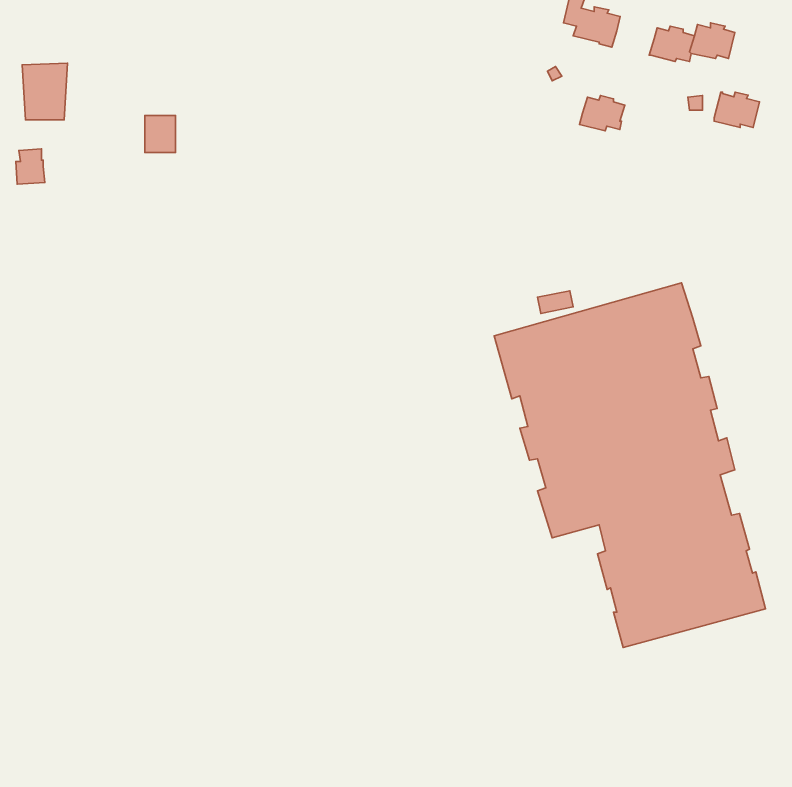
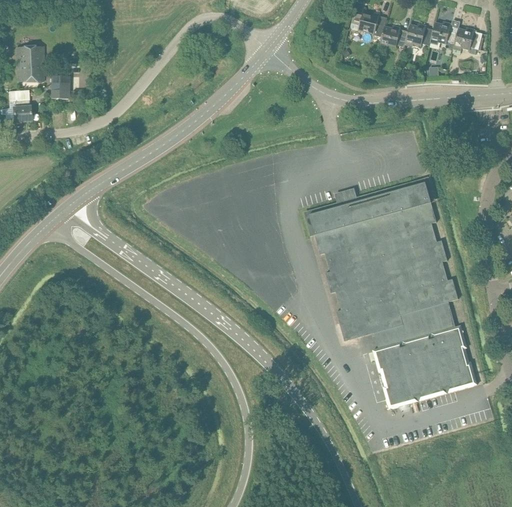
building: [714,92,760,128] -> [453,26,481,48]
building: [579,95,625,131] -> [379,24,407,46]
building: [145,115,175,153] -> [50,75,69,98]

